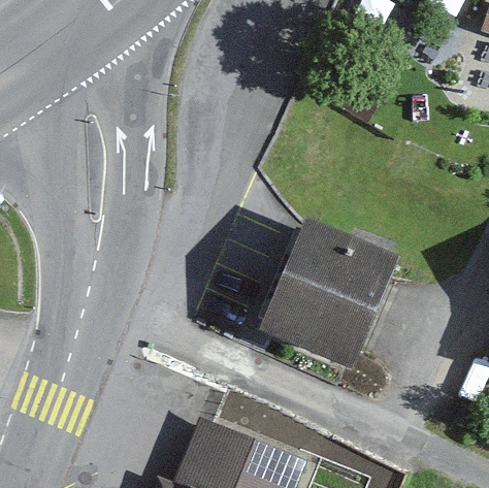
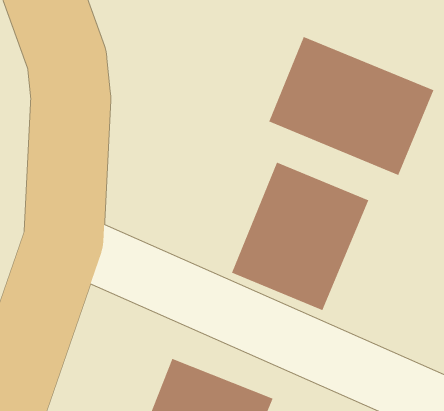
building: none -> [269,36,434,176]

